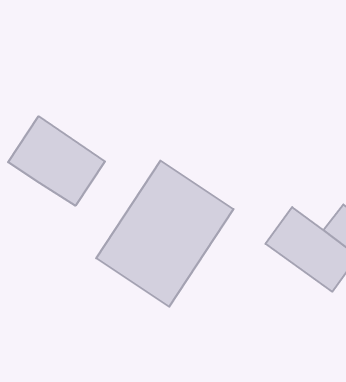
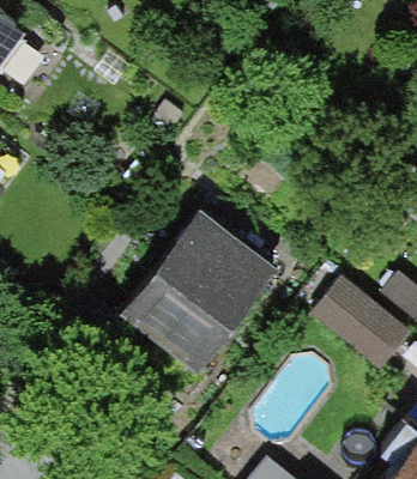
building: [8,116,105,206] -> none

